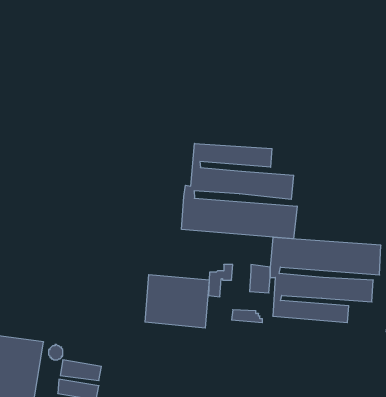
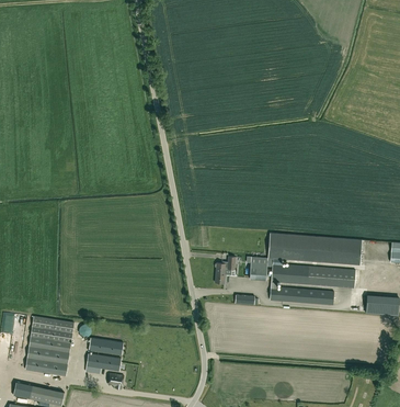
building: [182,143,297,239] -> none
building: [145,275,209,328] -> none

